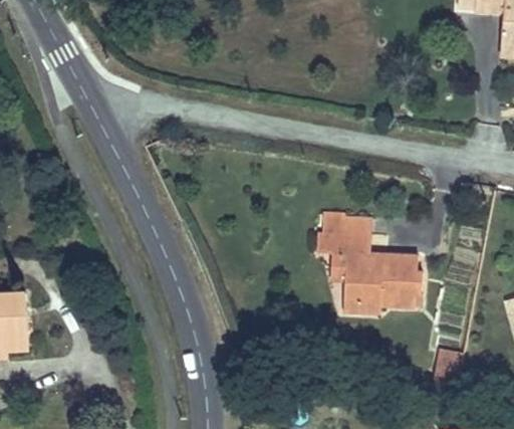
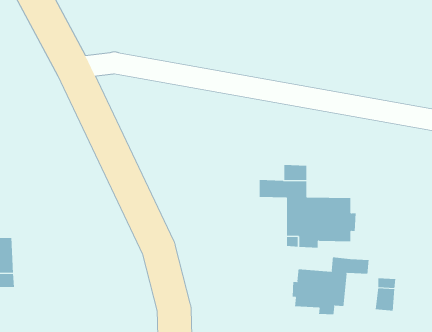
building: none -> [292,257,369,315]

